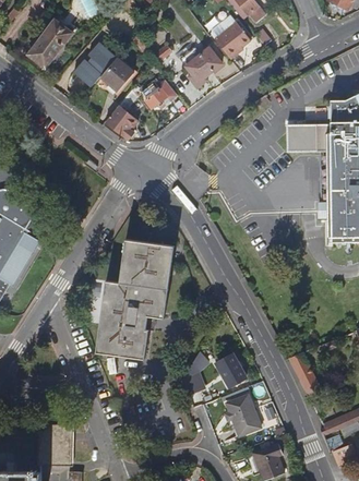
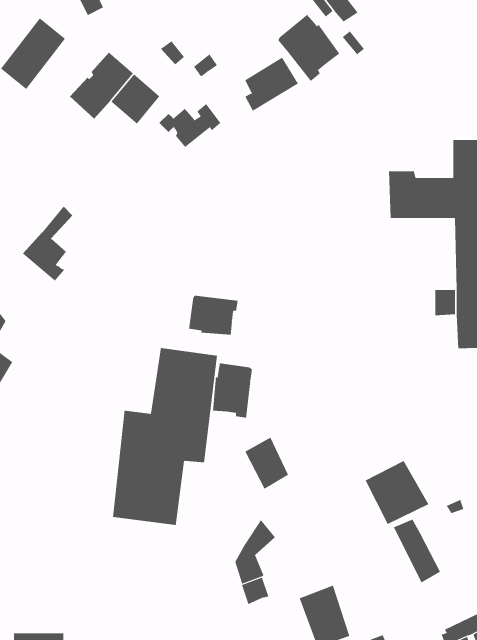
building: [106,88,140,139] -> [22,206,73,281]
building: none -> [189,295,238,335]
building: none -> [213,363,252,418]
building: none -> [365,460,429,525]
building: [216,352,246,387] -> [244,437,289,490]

